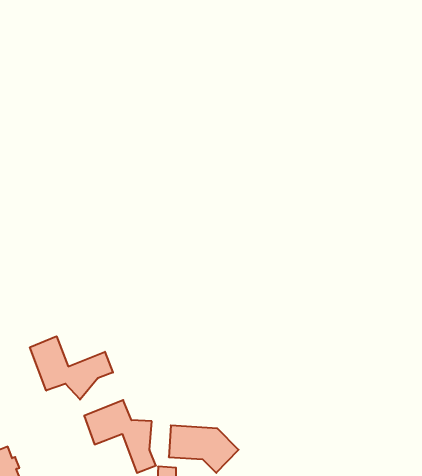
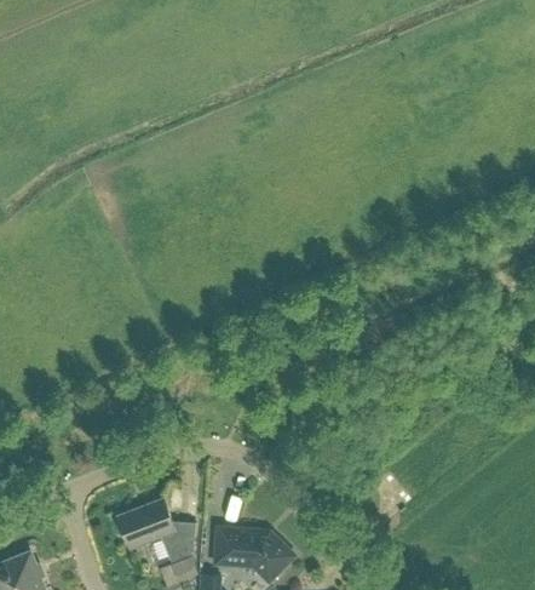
building: [30,336,113,400] -> none

